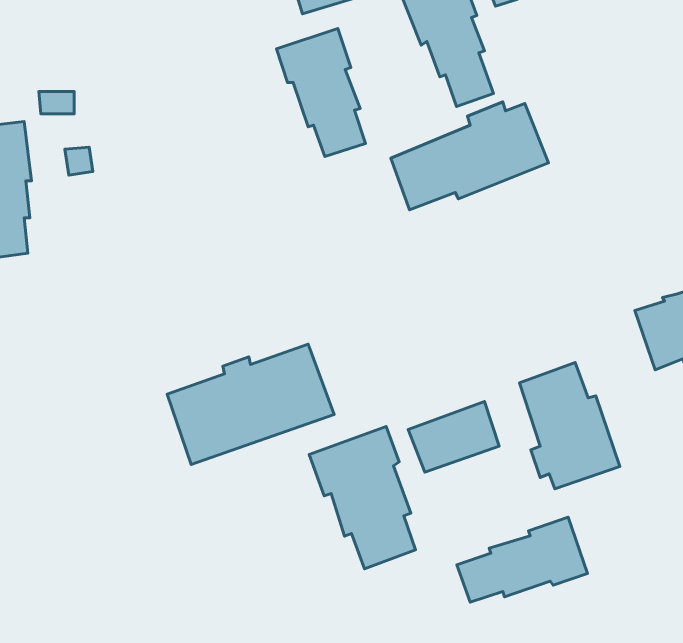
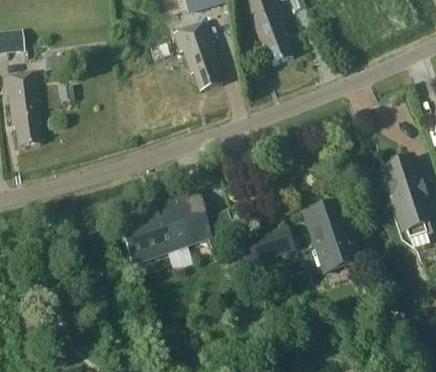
building: [391,102,548,210] -> none
building: [309,426,415,569] -> none
building: [457,517,587,602] -> none

